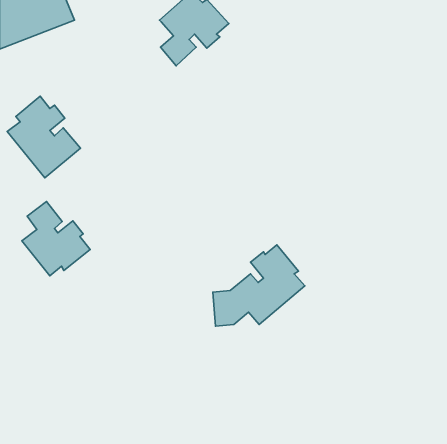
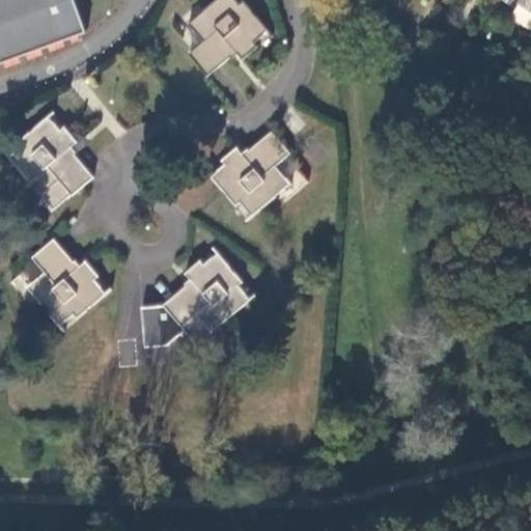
building: none -> [212,130,292,214]
building: [213,245,305,326] -> [140,249,249,345]

